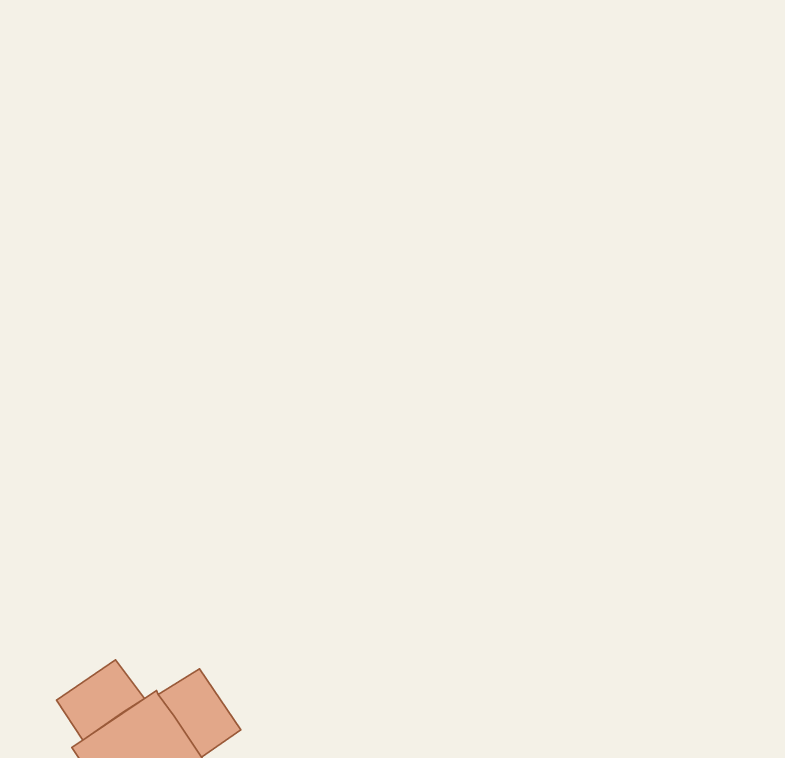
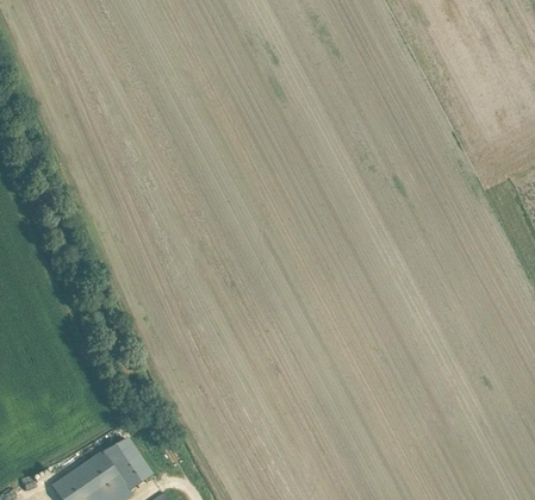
building: [56,660,144,740] -> none

